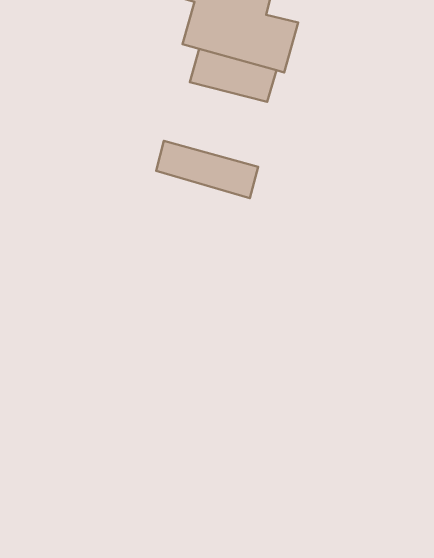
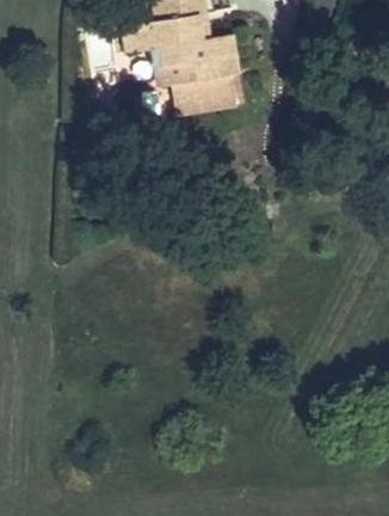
building: [156,141,258,198] -> none

